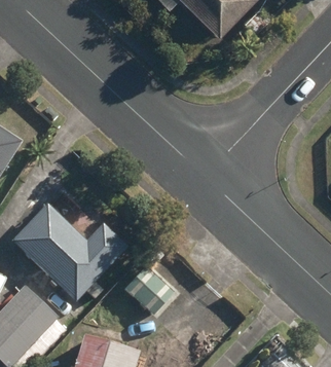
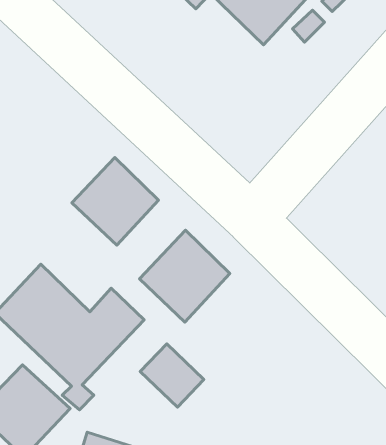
building: none -> [72,157,158,245]
building: none -> [139,230,230,322]

